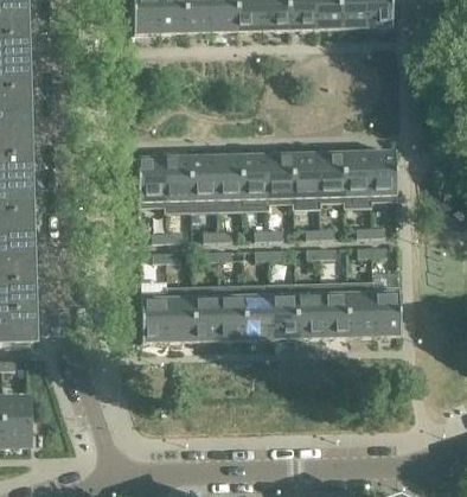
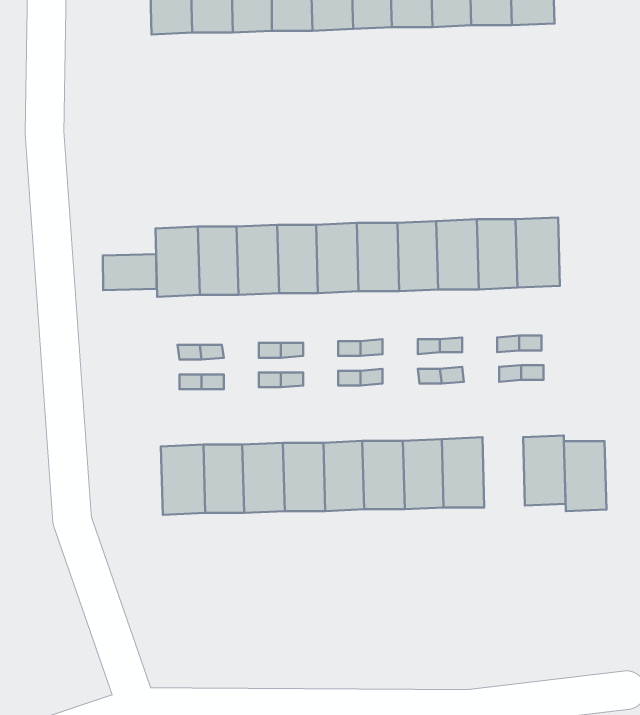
building: none -> [103,254,156,290]
building: [348,292,376,337] -> [564,441,606,511]

